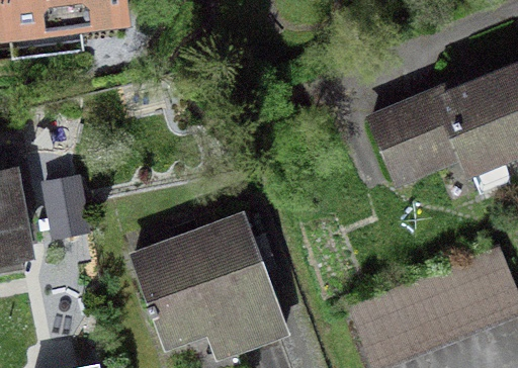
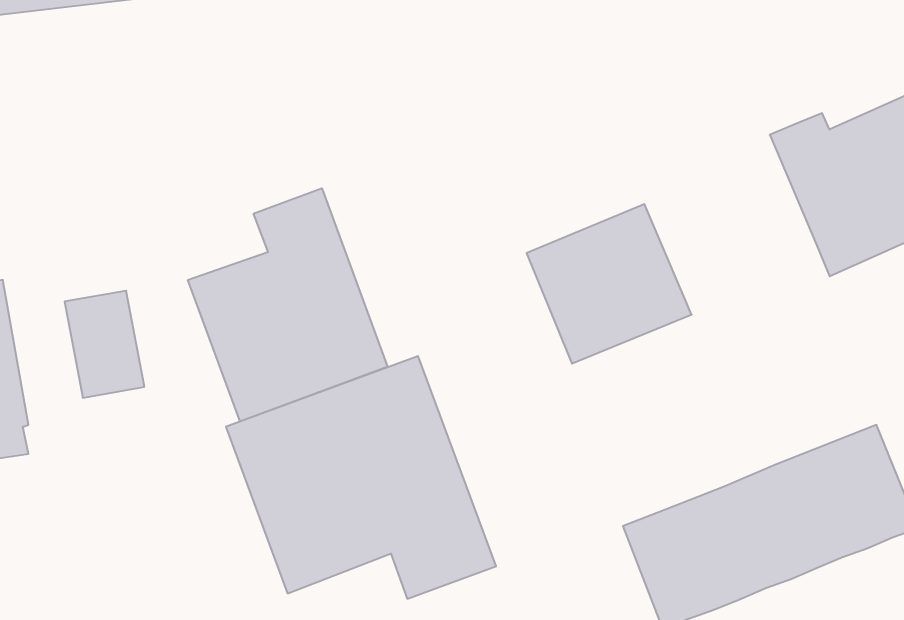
building: [370,91,462,180] -> [527,204,692,364]
building: none -> [188,188,388,421]

